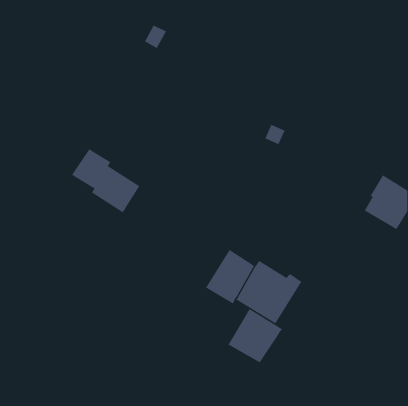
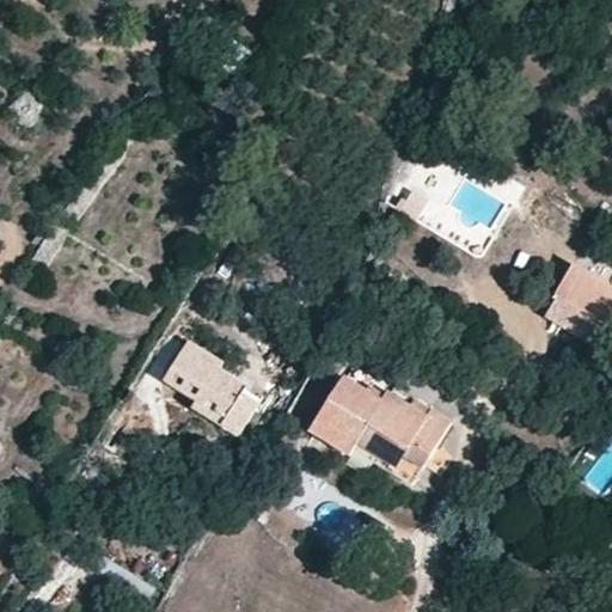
building: [71,148,140,213] -> [160,338,263,435]
building: [228,308,283,363] -> none

